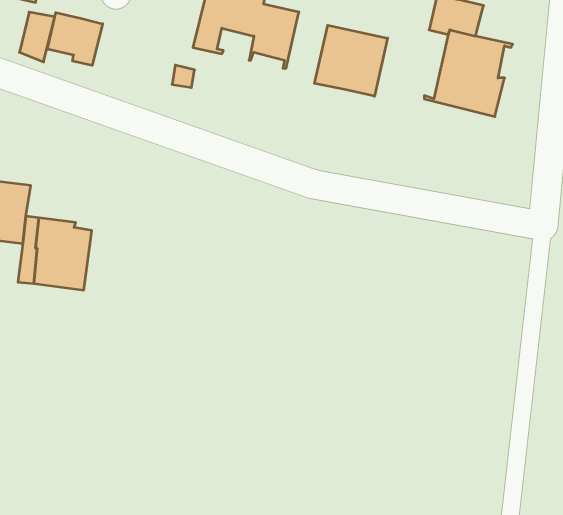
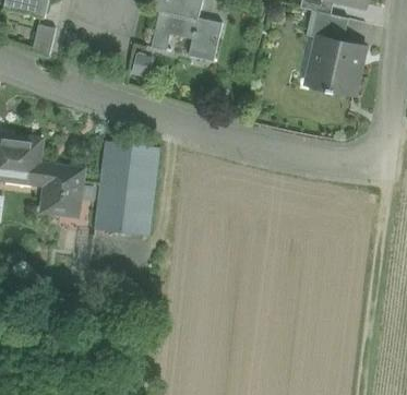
building: [48,13,103,65] -> none
building: [314,25,388,96] -> none
building: none -> [97,140,159,236]

